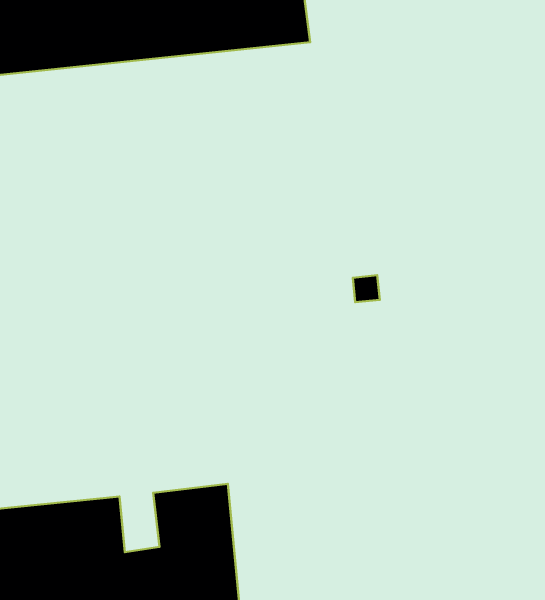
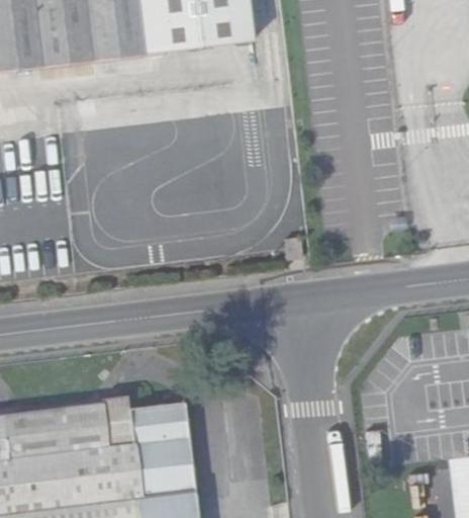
building: none -> [101,405,132,451]

